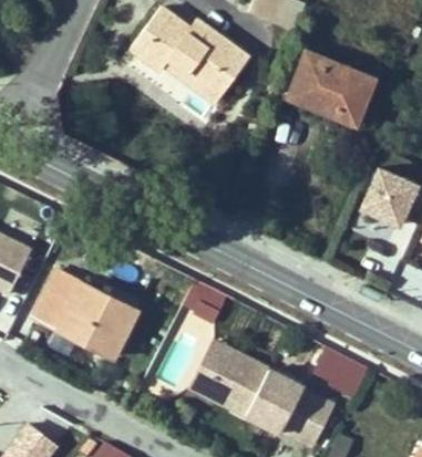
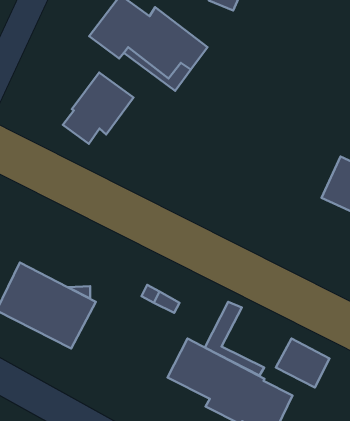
building: [288,52,373,124] -> none
building: none -> [63,72,133,144]
building: [191,342,249,415] -> [205,302,264,375]

